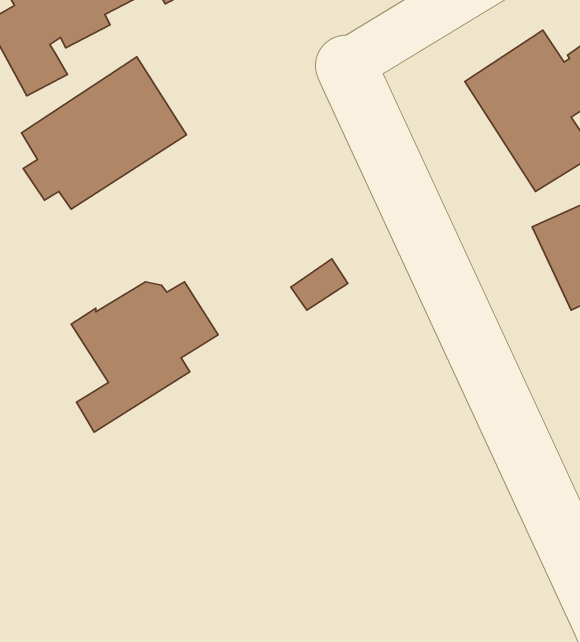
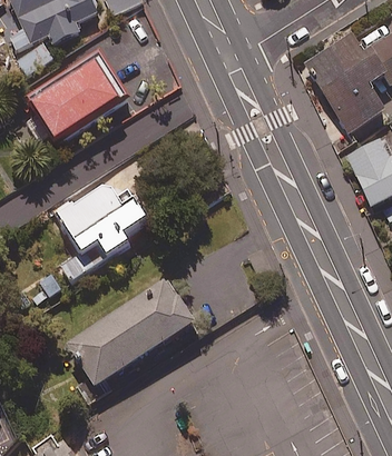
building: none -> [67,281,194,390]

